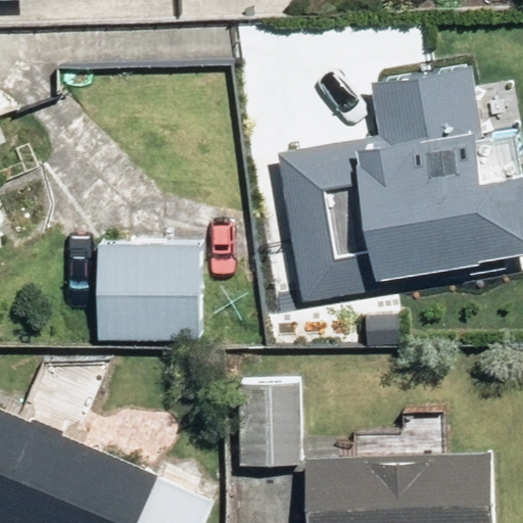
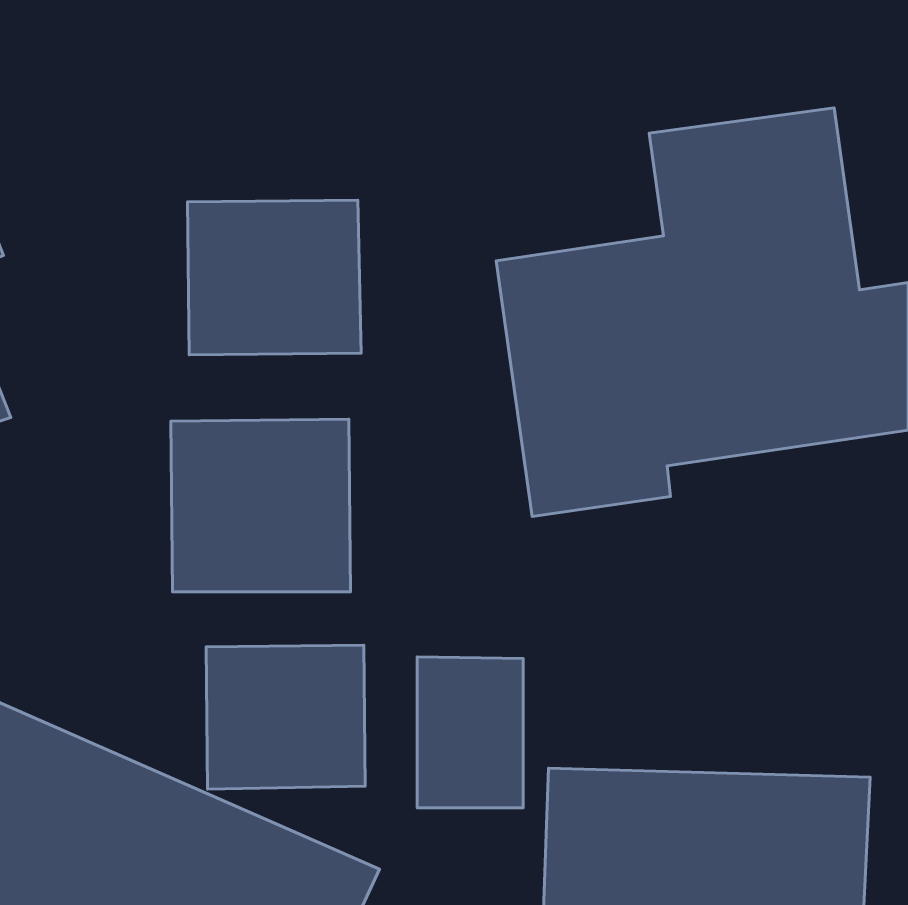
building: none -> [188,200,361,355]
building: none -> [206,645,365,789]

